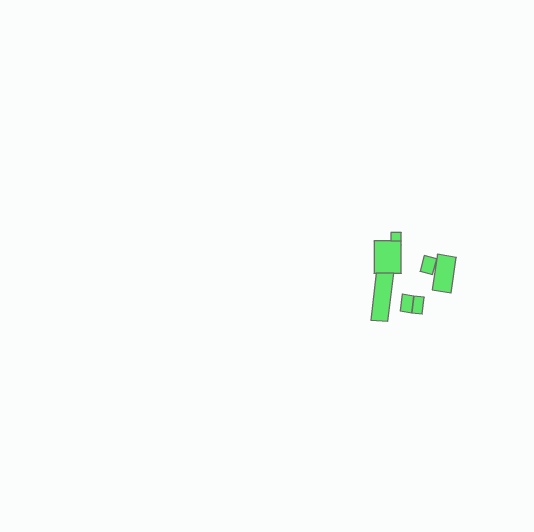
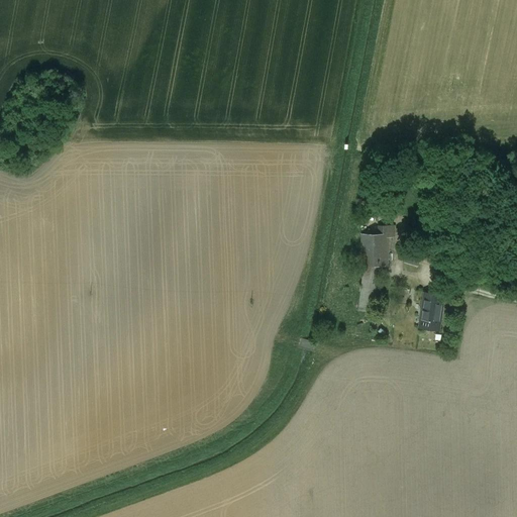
building: [432,254,456,293] -> [420,292,443,329]

